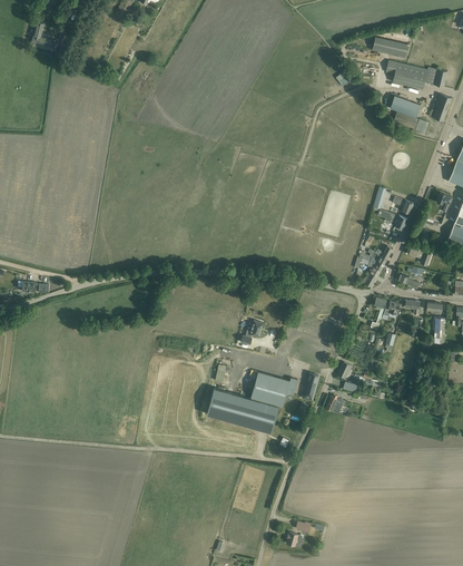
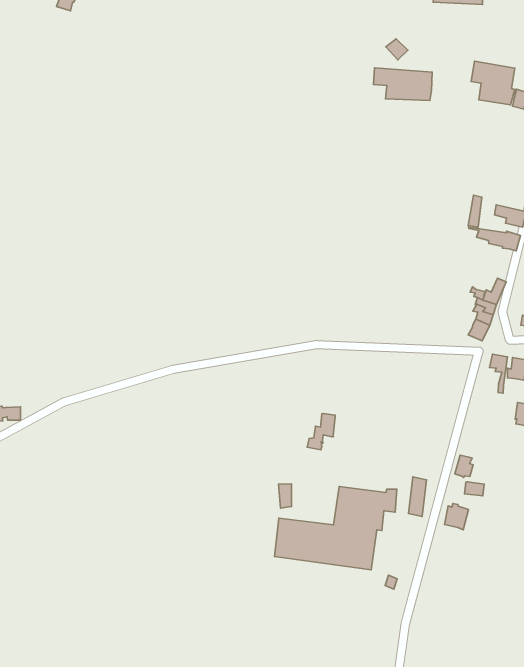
building: [386,61,427,89] -> [374,68,432,100]

